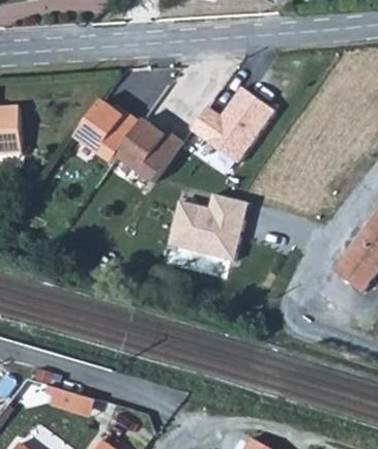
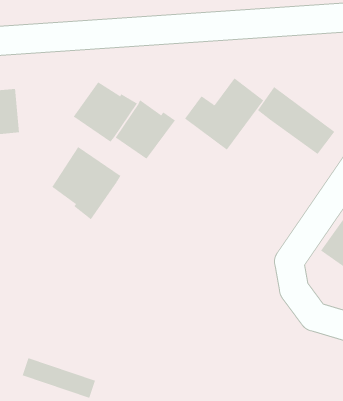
building: none -> [257,86,335,155]
building: none -> [51,146,121,220]
building: [169,196,250,263] -> none

